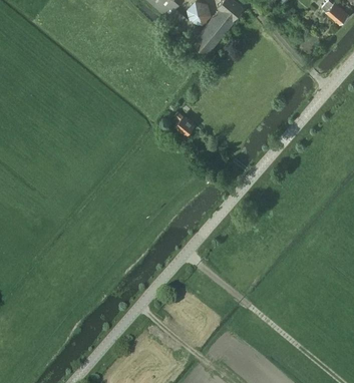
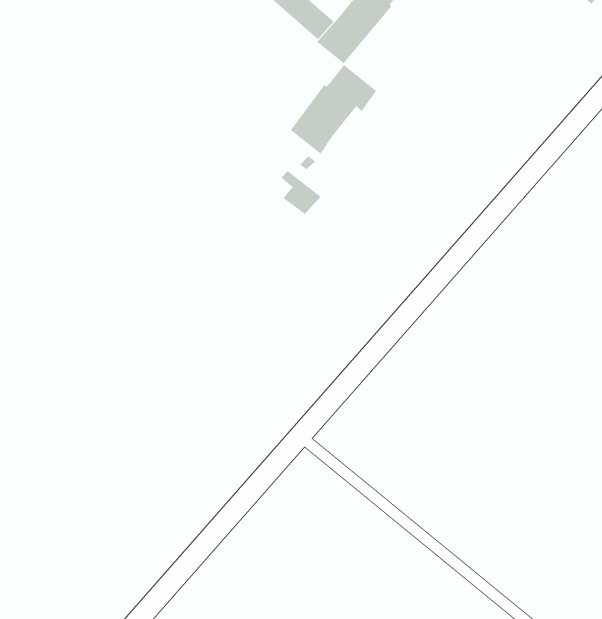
building: none -> [290,64,377,155]

